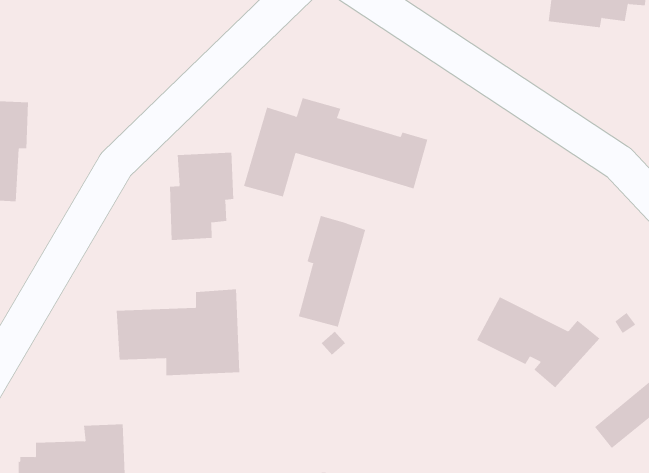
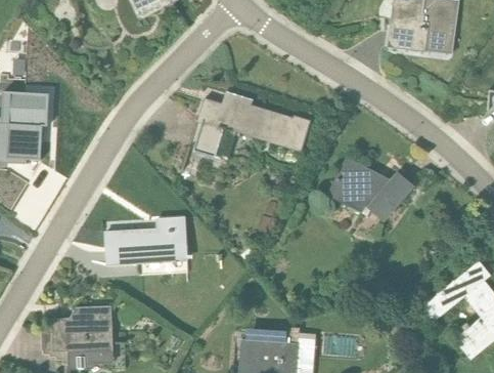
building: [170,152,234,241] -> none
building: [298,215,366,327] -> none
building: [476,297,600,388] -> [331,159,413,219]

